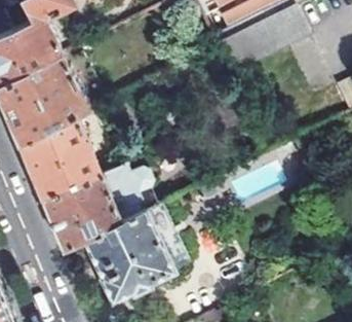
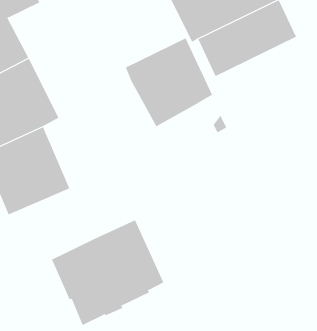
building: none -> [125,38,213,127]
building: [43,165,154,251] -> none

